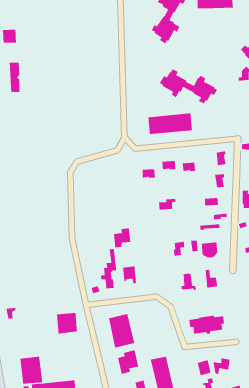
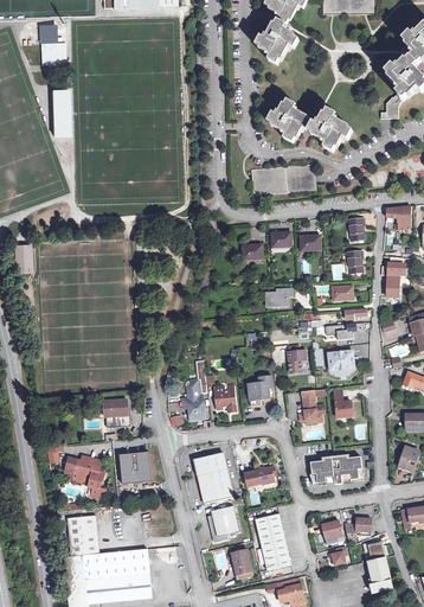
building: [113,228,131,248] -> [248,375,274,404]
building: none -> [103,400,130,427]
building: none -> [63,456,105,498]
building: none -> [244,466,277,491]

